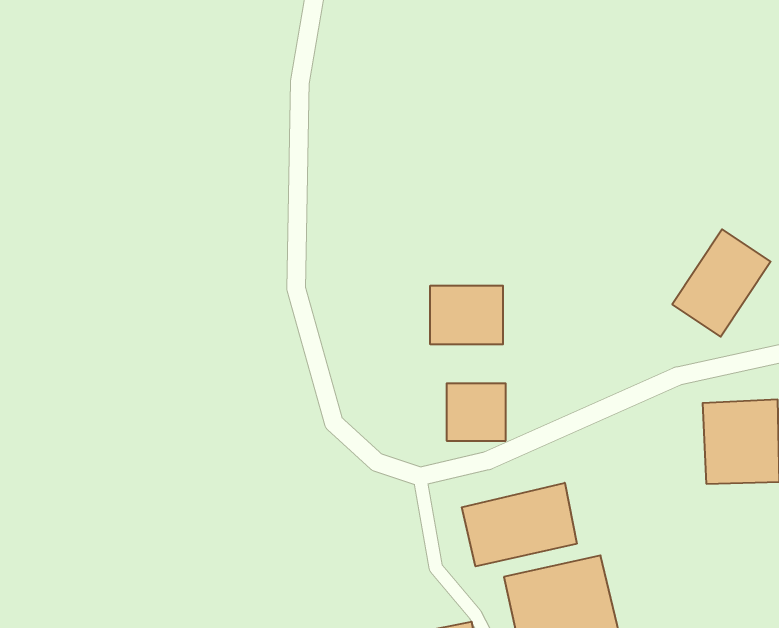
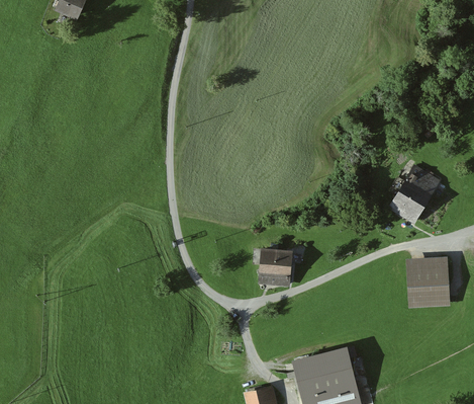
building: [430,286,503,344] -> none
building: [462,483,577,566] -> none

